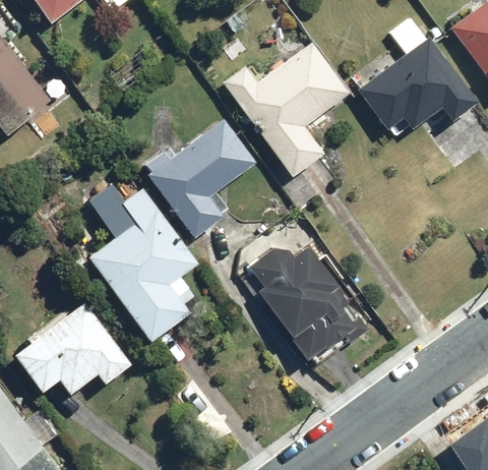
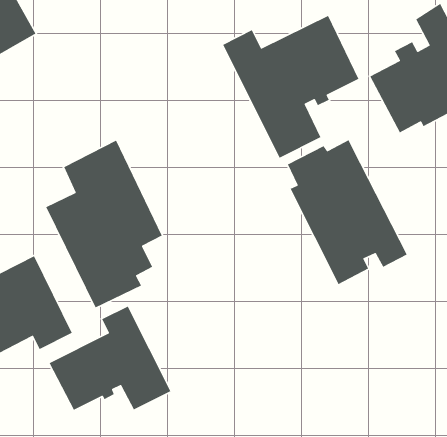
building: [145,119,259,236] -> none
building: [249,236,371,368] -> [287,139,408,285]
building: none -> [49,306,171,411]

